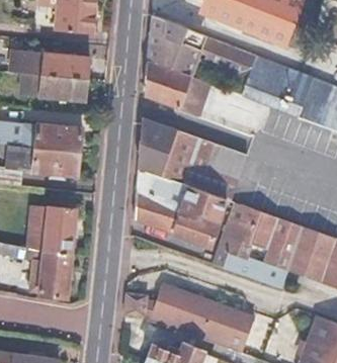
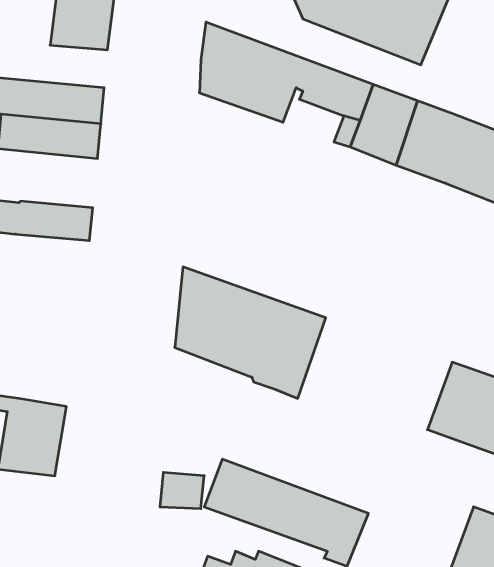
building: [144,60,208,114] -> none
building: [138,115,250,200] -> none
building: [32,147,80,177] -> none
building: [35,203,73,253] -> none
building: [212,204,304,287] -> none

